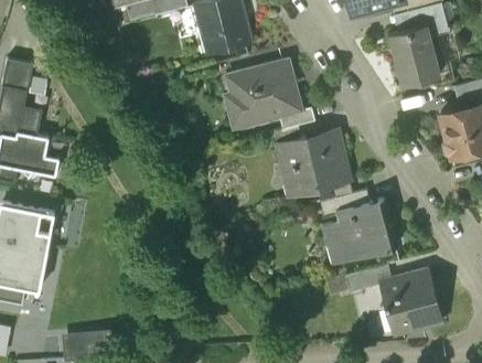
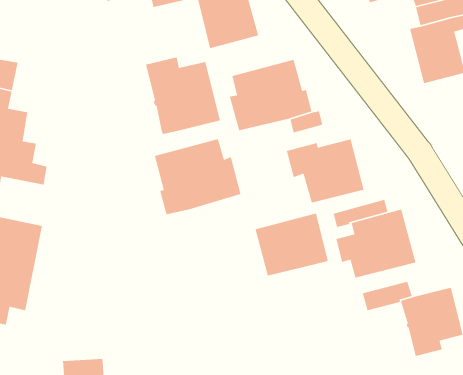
building: none -> [145,57,221,135]
building: none -> [154,138,242,215]
building: none -> [254,212,329,277]

